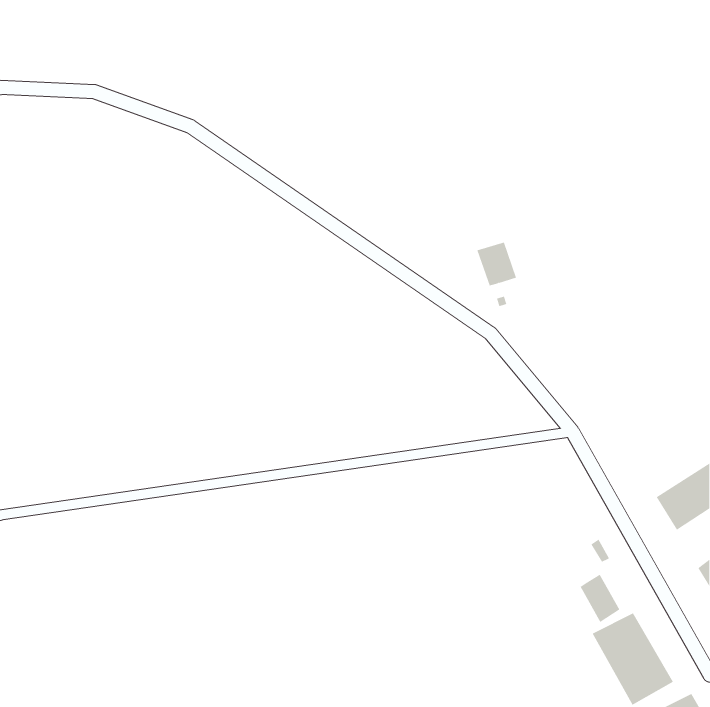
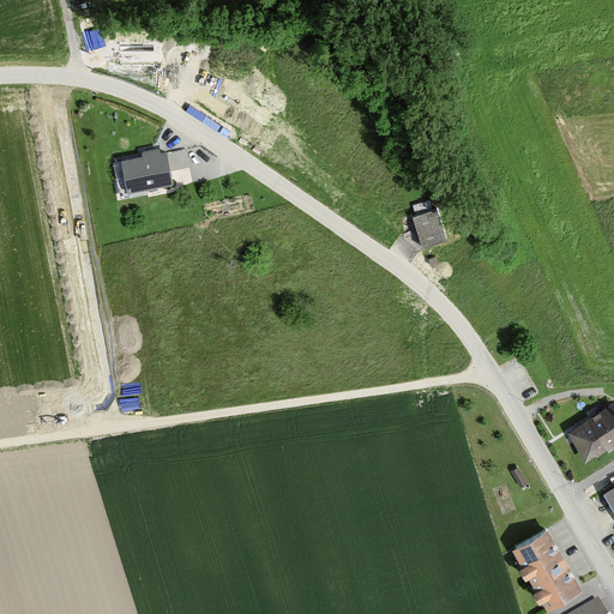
building: none -> [118,148,169,193]
building: [580,574,620,623] -> none

